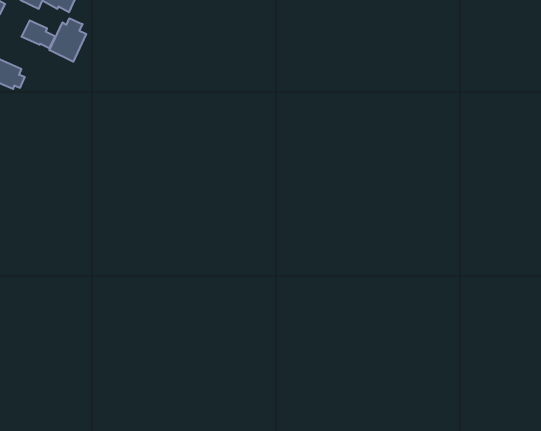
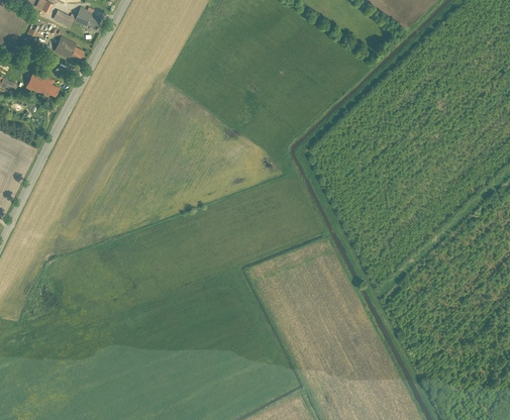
building: [49,18,86,62] -> none

